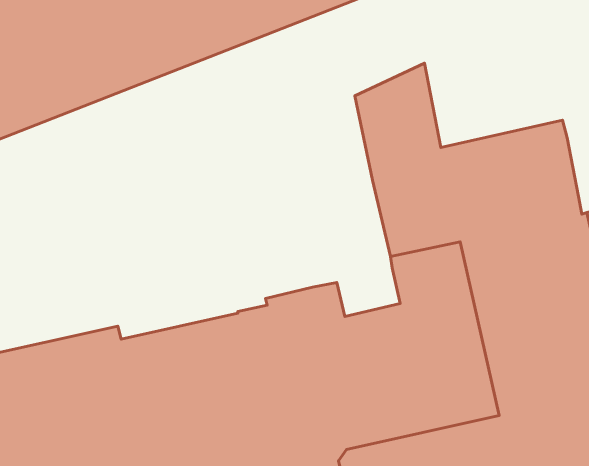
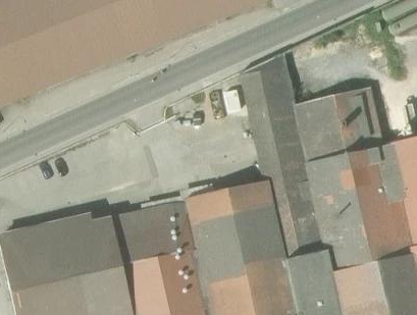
building: none -> [213,179,268,210]

